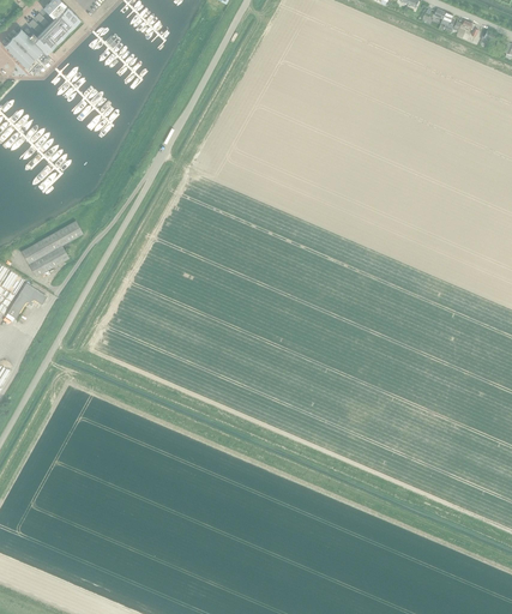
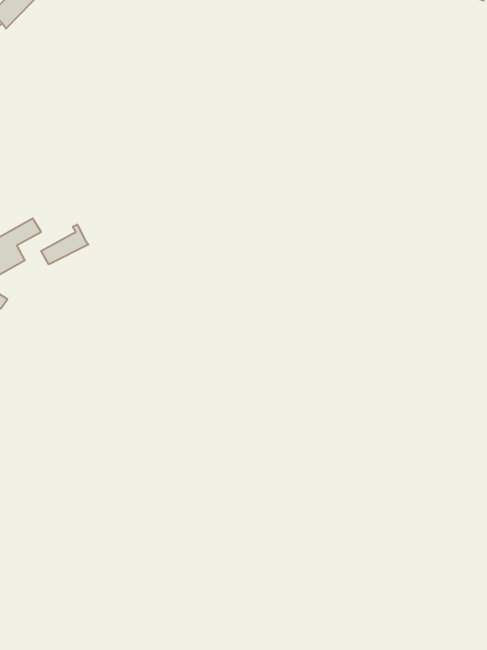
building: none -> [41,224,88,264]

